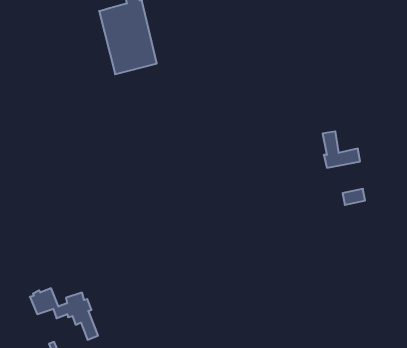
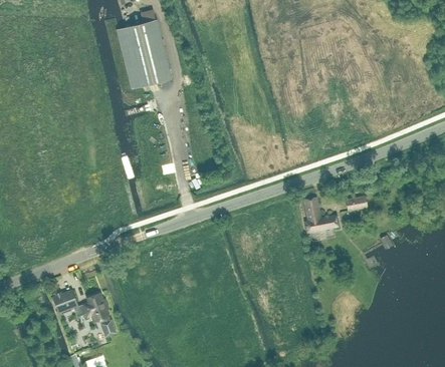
building: [323,131,360,168] -> [303,199,339,233]

